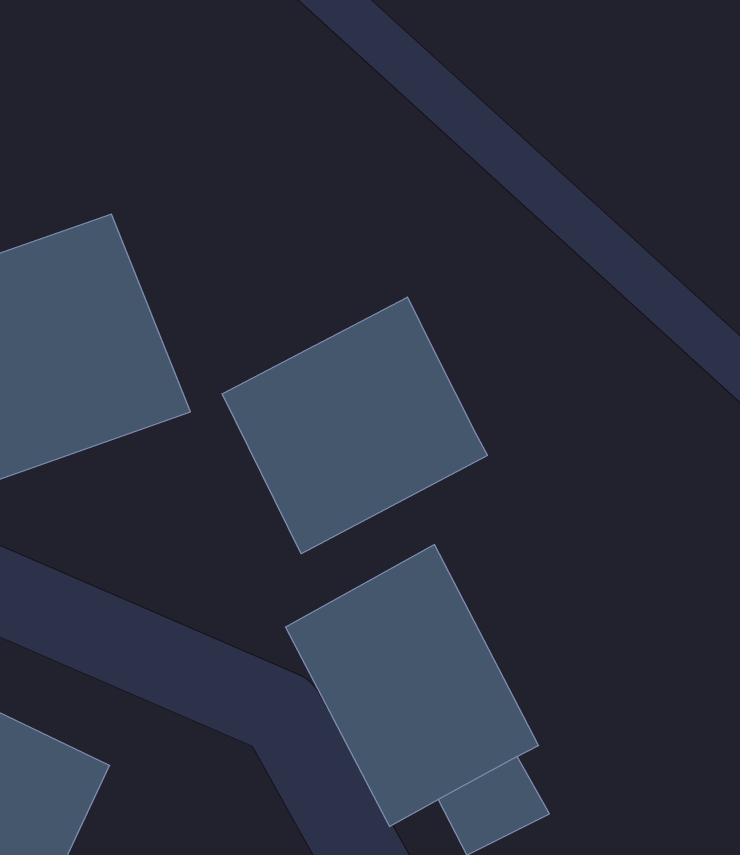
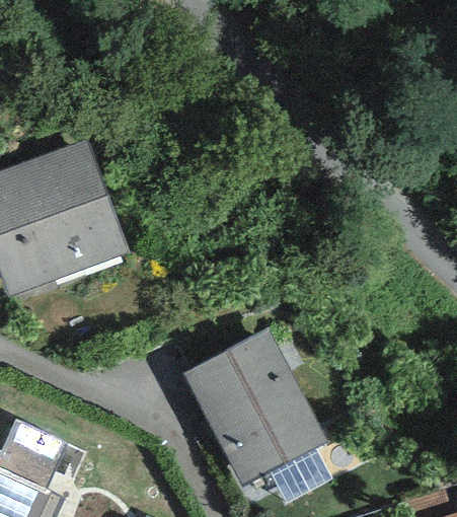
building: [222,297,487,554] -> none

